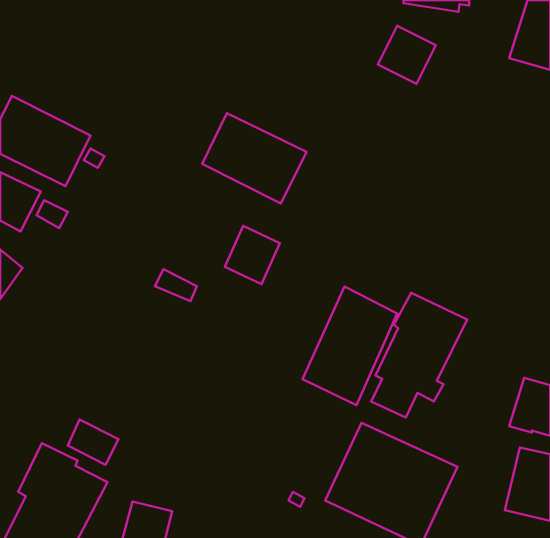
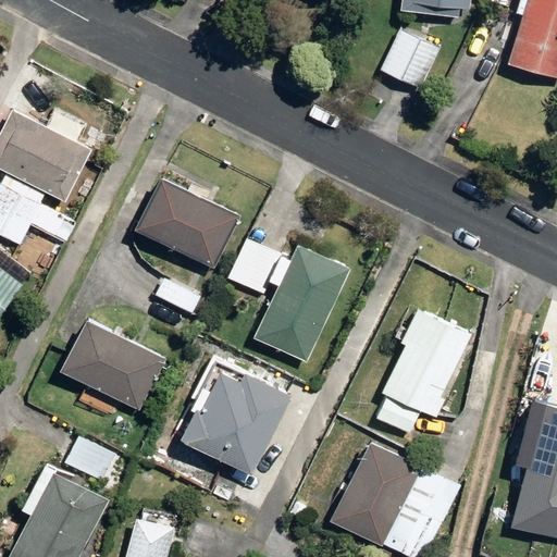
building: [202,113,307,203] -> [134,176,239,268]
building: [303,287,397,405] -> [256,243,351,362]
building: none -> [59,318,166,410]
building: none -> [175,358,289,472]

